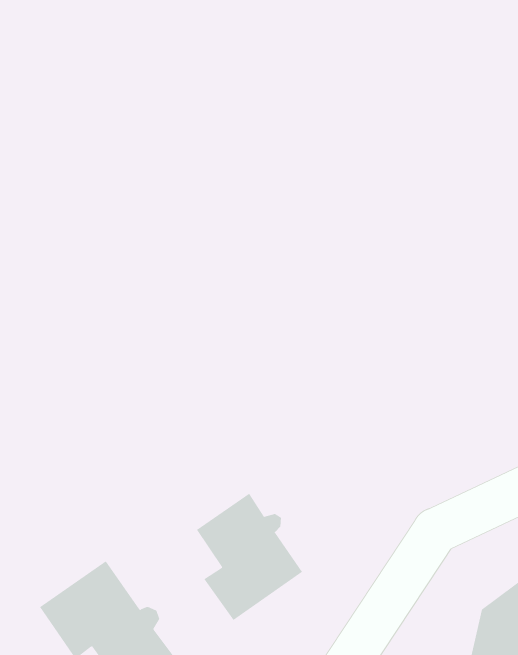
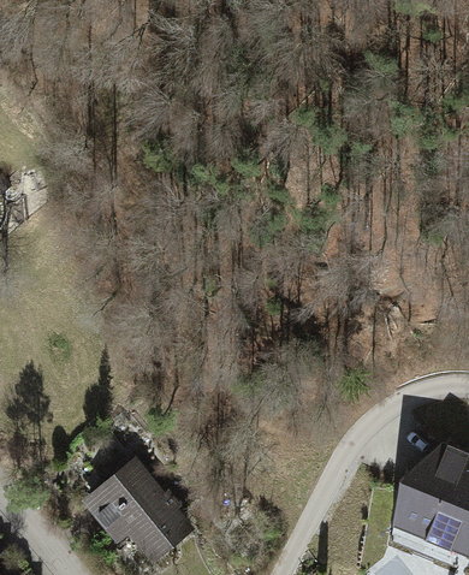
building: [196,493,303,621] -> none

